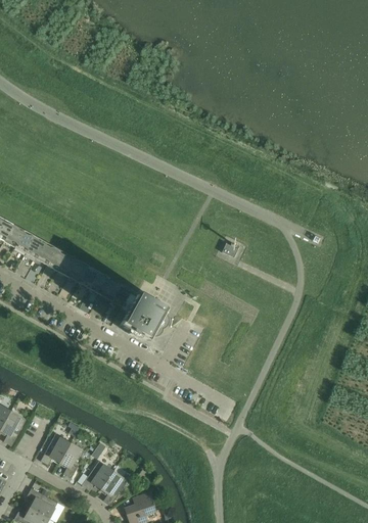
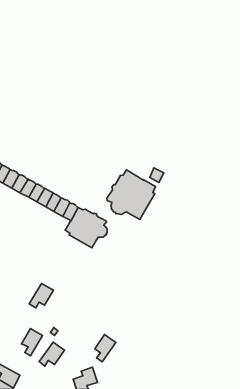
building: none -> [107,170,156,219]
building: [39,435,70,466] -> [29,284,54,308]
building: [100,471,127,506] -> [95,334,116,362]

